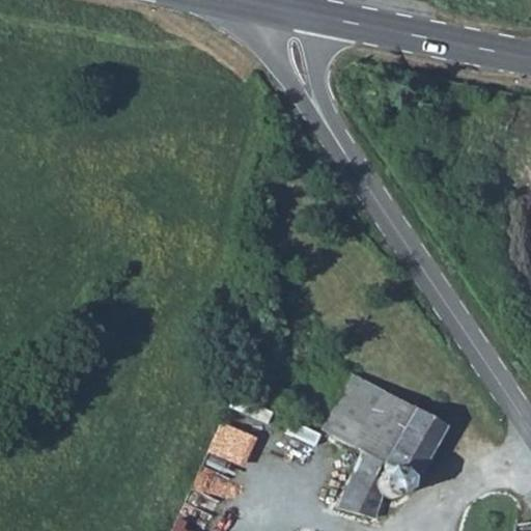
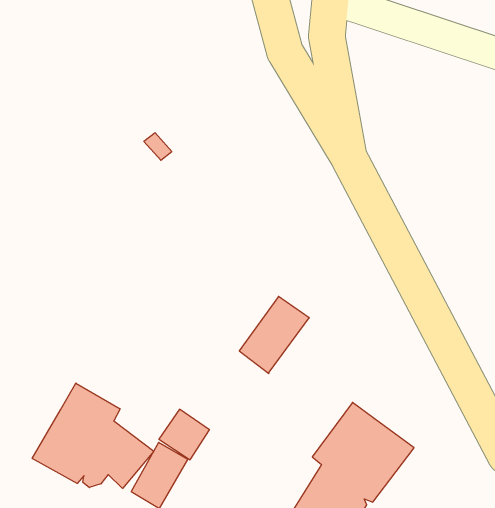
building: [325,373,386,446] -> [239,296,309,373]
building: none -> [32,383,154,488]

